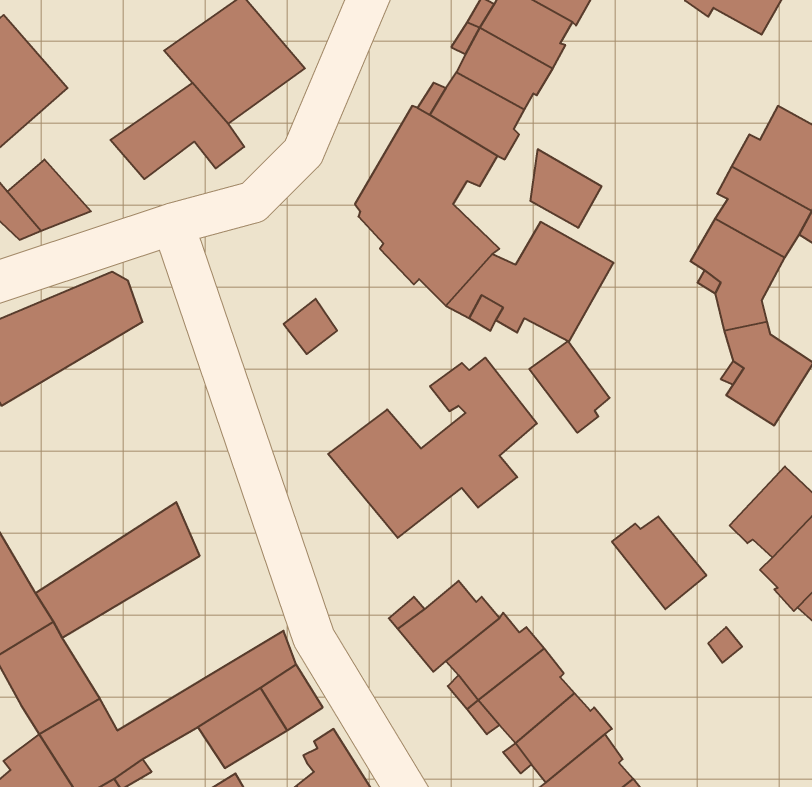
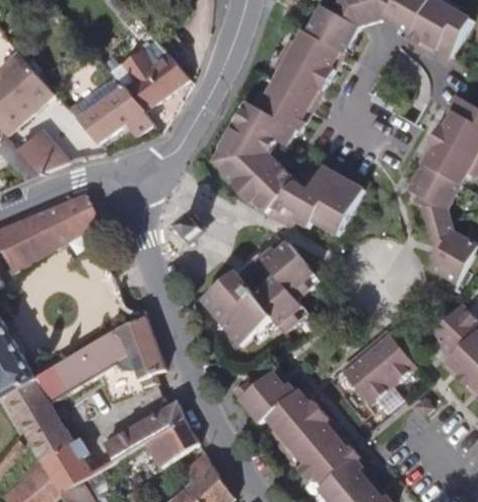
building: [530,149,601,228] -> none
building: [529,341,610,433] -> none
building: none -> [115,315,164,377]
building: none -> [343,349,393,404]

